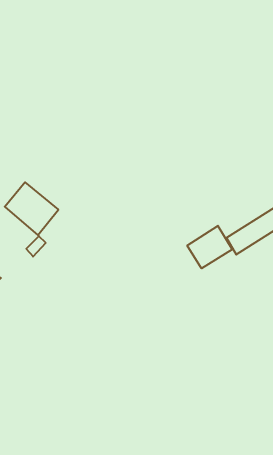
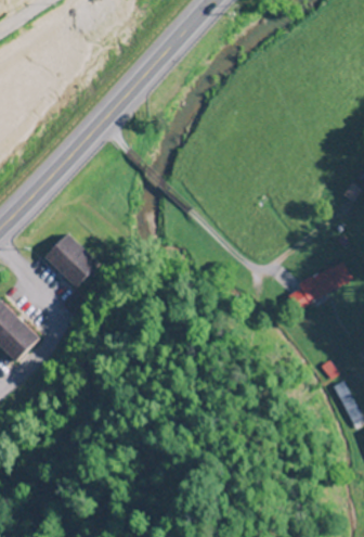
building: [187,226,232,268] -> none

